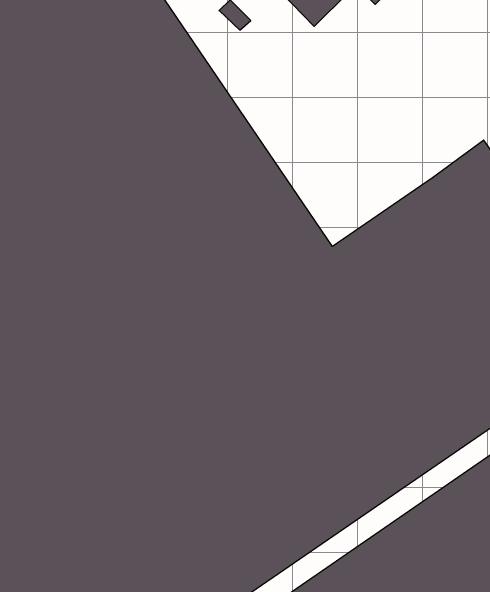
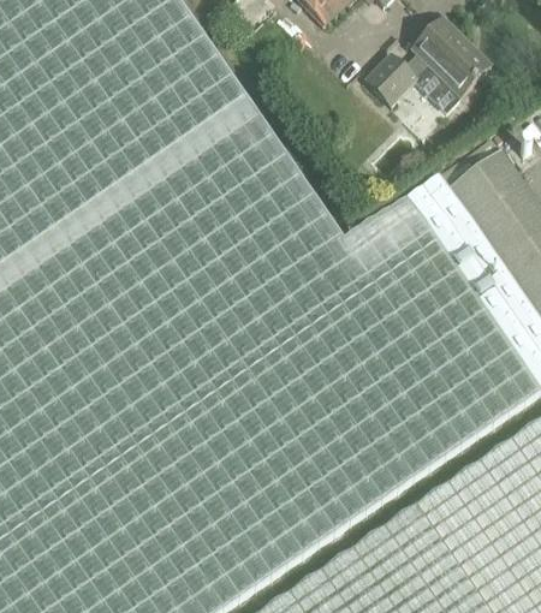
building: none -> [365,26,491,120]

